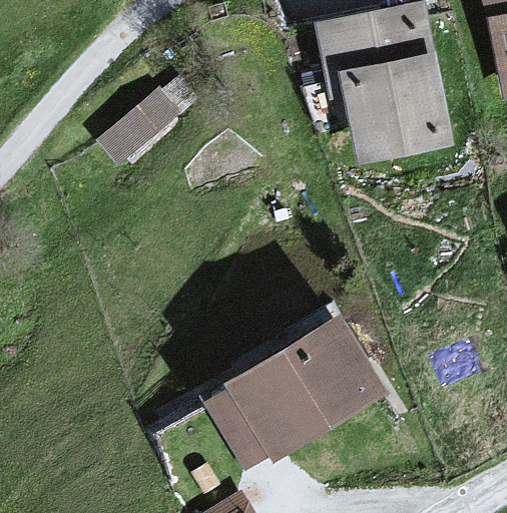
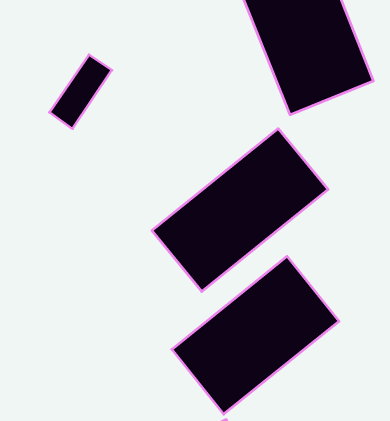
building: none -> [152,129,328,292]

